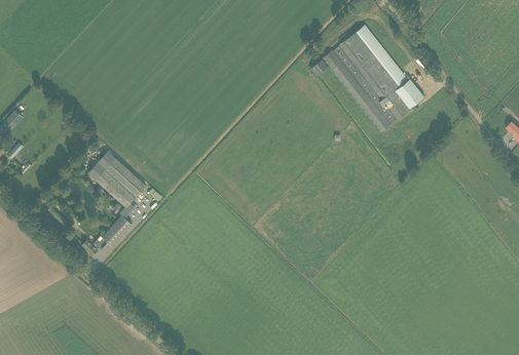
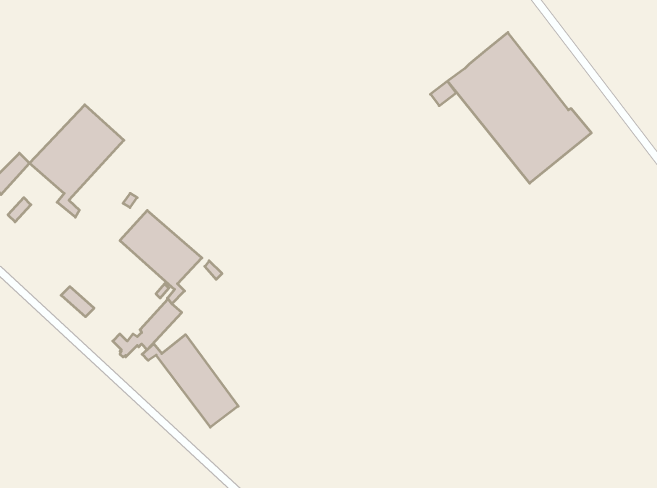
building: none -> [29,105,124,217]
building: none -> [142,335,238,427]

